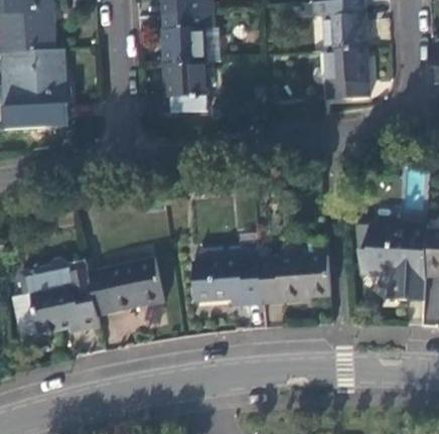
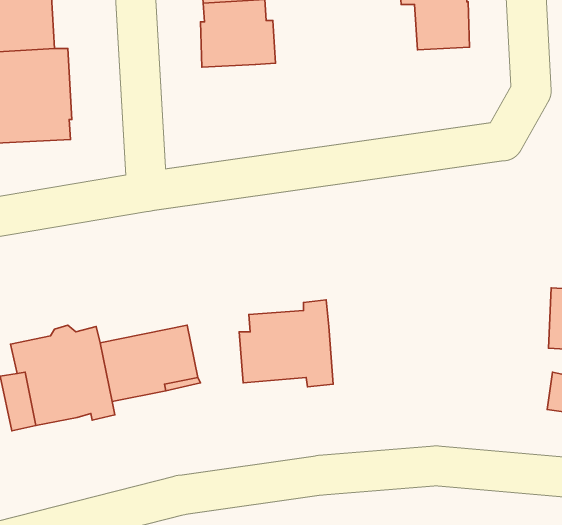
building: [325,49,368,101] -> none
building: [163,62,205,113] -> none
building: [356,224,427,301] -> none
building: [259,256,329,303] -> none

